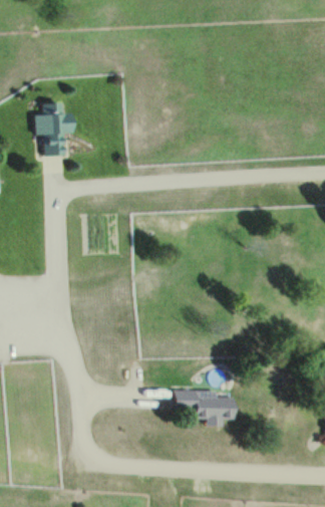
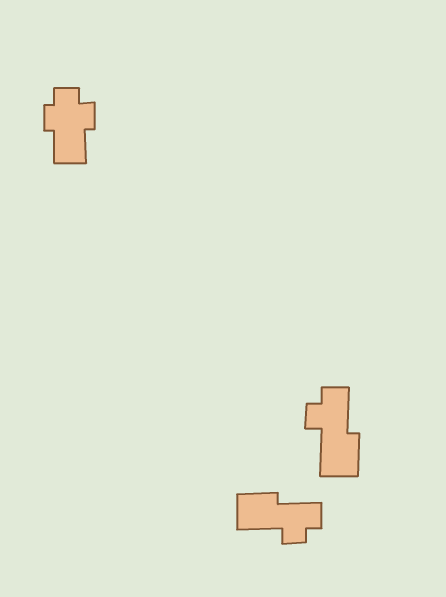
building: none -> [305,387,359,476]

